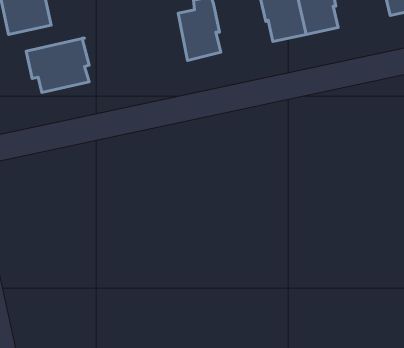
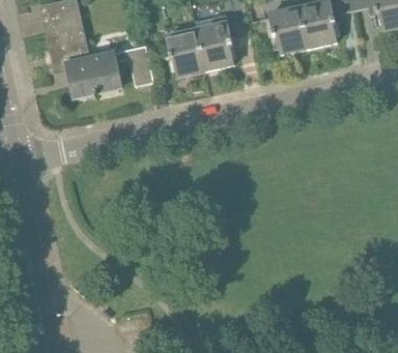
building: none -> [166,28,205,76]
building: none -> [127,50,152,85]

